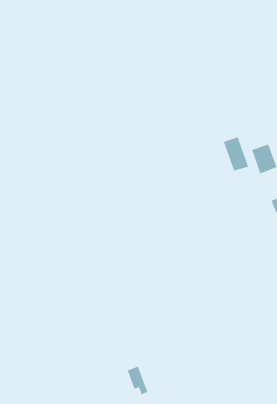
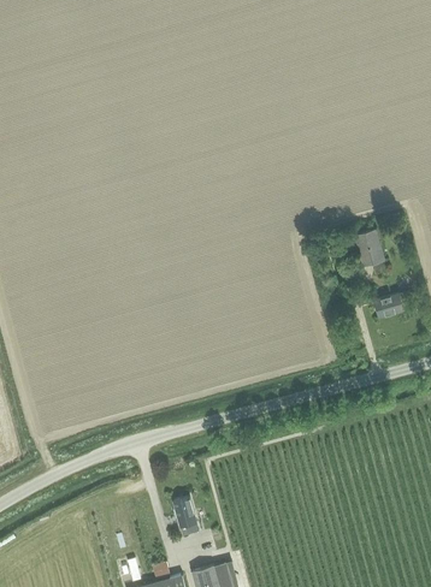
building: [223,136,249,172] -> none

